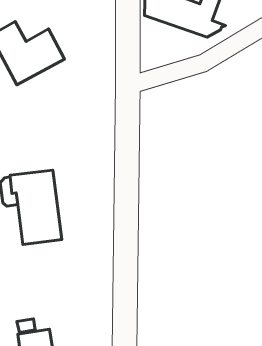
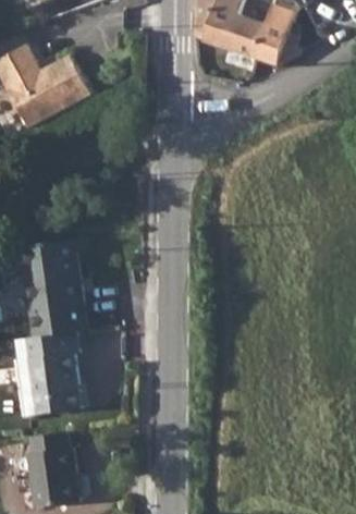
building: none -> [16,330,78,413]

